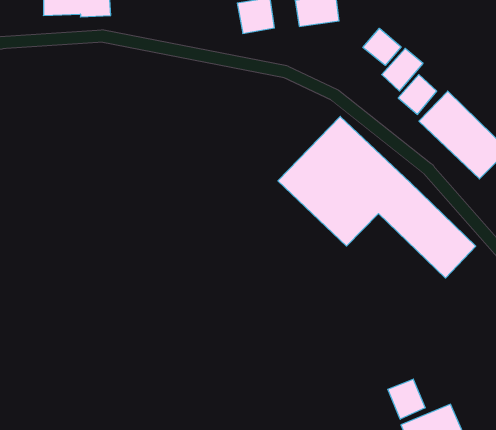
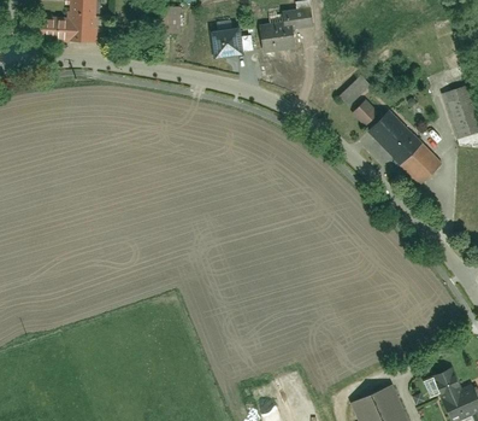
building: [363,28,401,65] -> none
building: [278,116,476,278] -> none
building: [388,379,425,419] -> none

